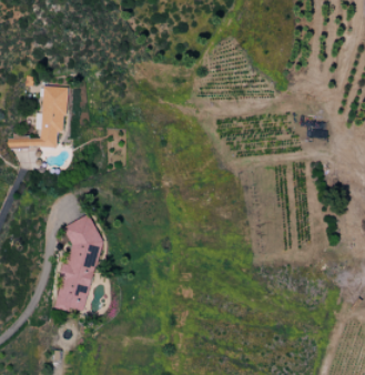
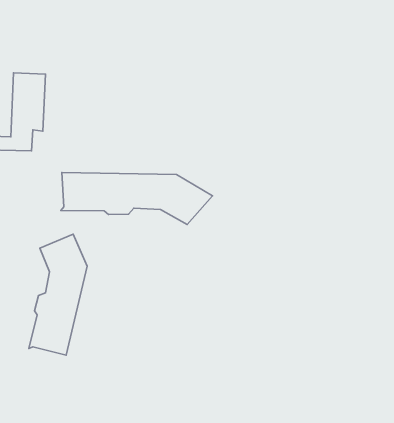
building: none -> [61,173,213,225]

